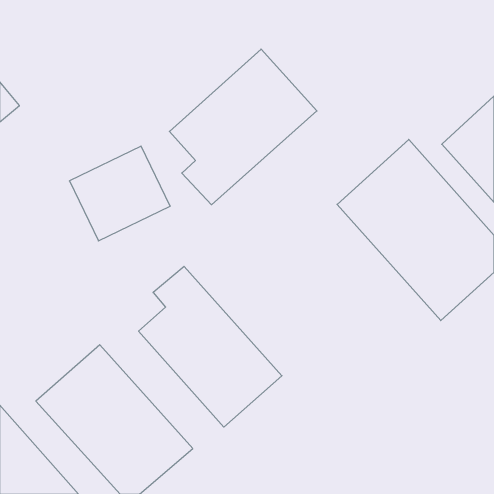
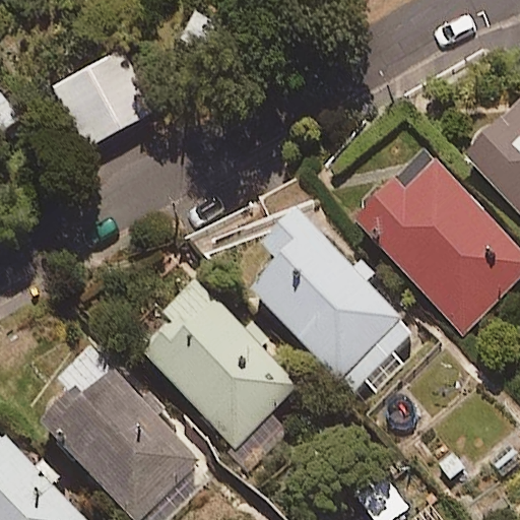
building: [169,49,317,205] -> none
building: [69,146,170,241] -> [54,51,159,150]
building: none -> [250,202,408,384]

